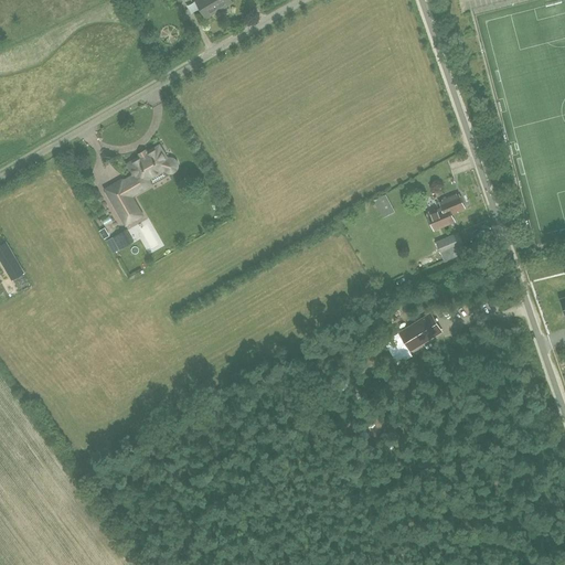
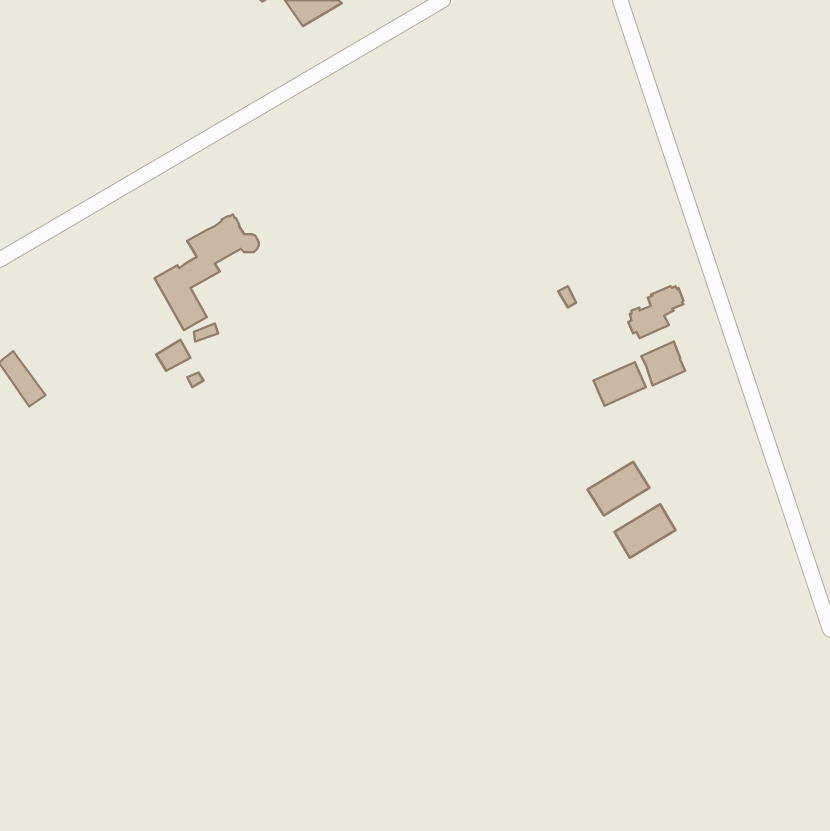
building: none -> [594,362,646,406]
building: none -> [614,504,675,558]

